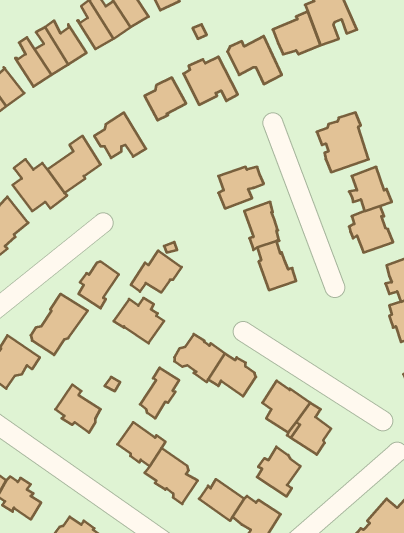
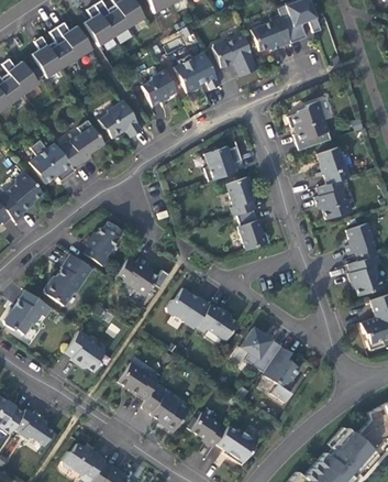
building: [131,251,182,292] -> none
building: [140,368,179,418] -> none
building: [257,447,300,496] -> none

